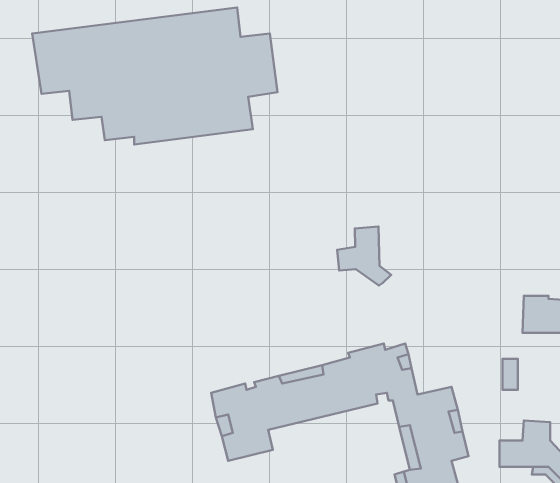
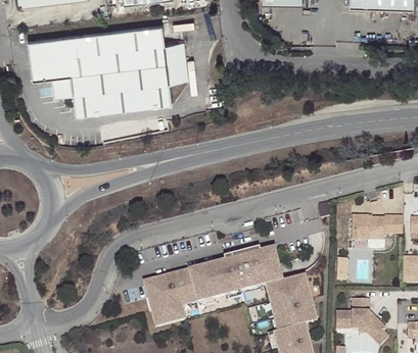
building: [337,226,391,286] -> none

